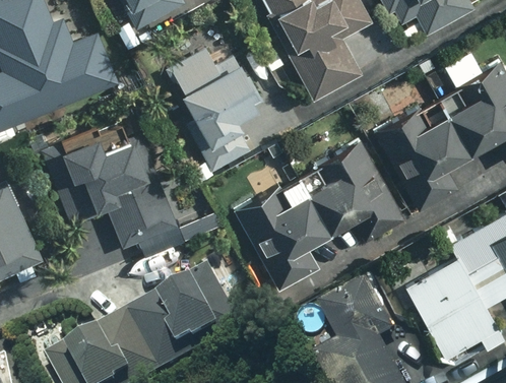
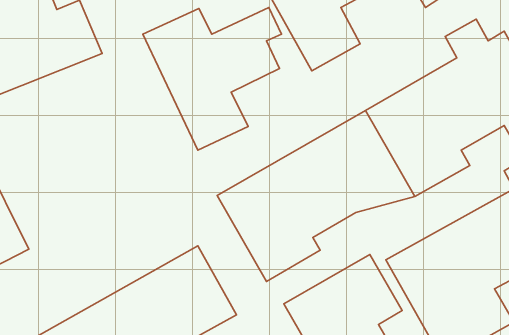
building: [42,114,183,255] -> none

